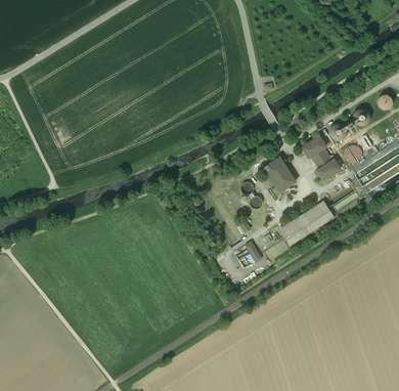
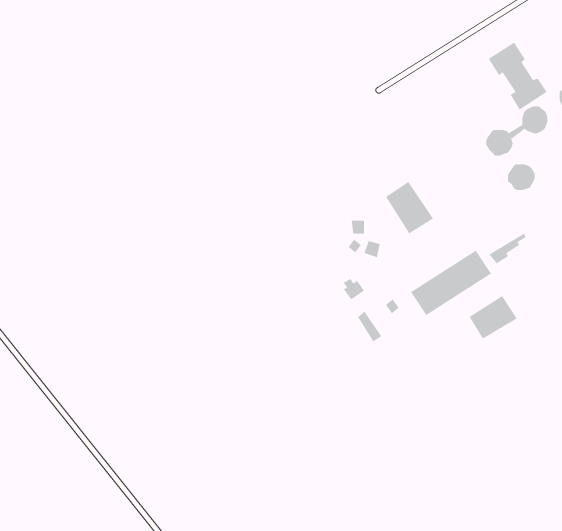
building: [302,135,341,180] -> [488,42,547,111]
building: none -> [469,295,517,340]

